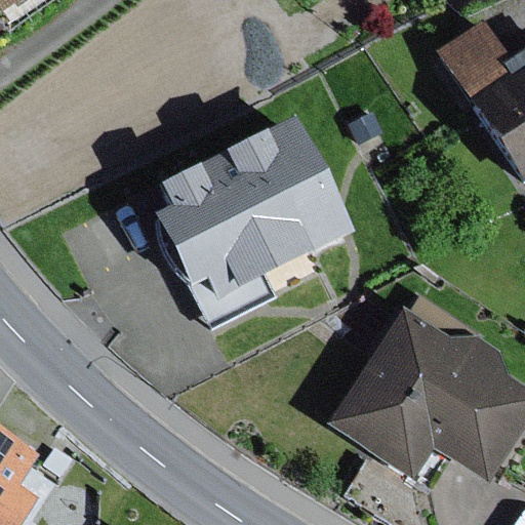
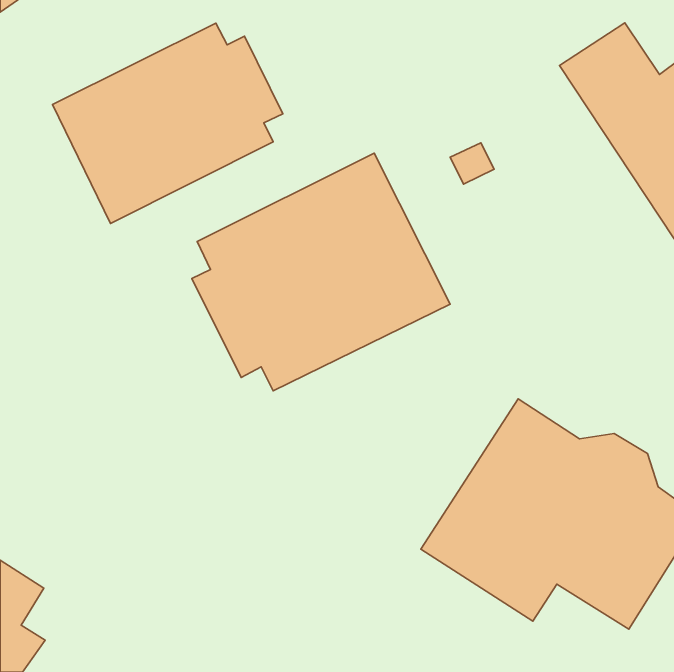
building: none -> [52,23,283,224]

